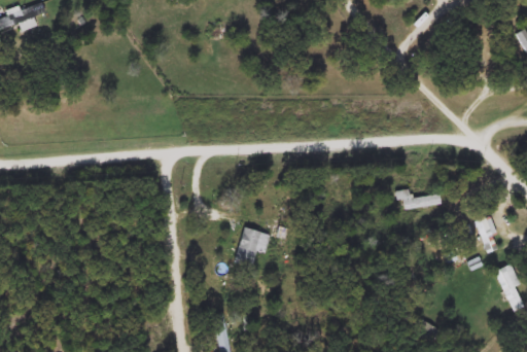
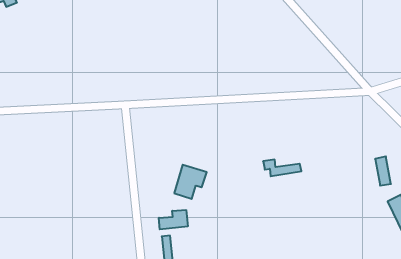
building: [393,189,441,210] -> [263,160,301,176]
building: none -> [159,210,188,229]

